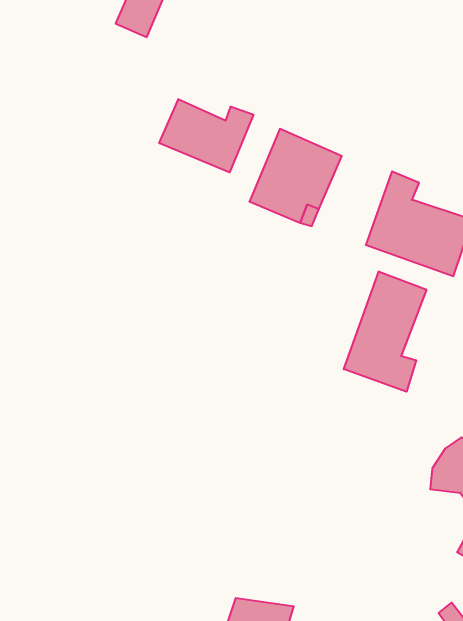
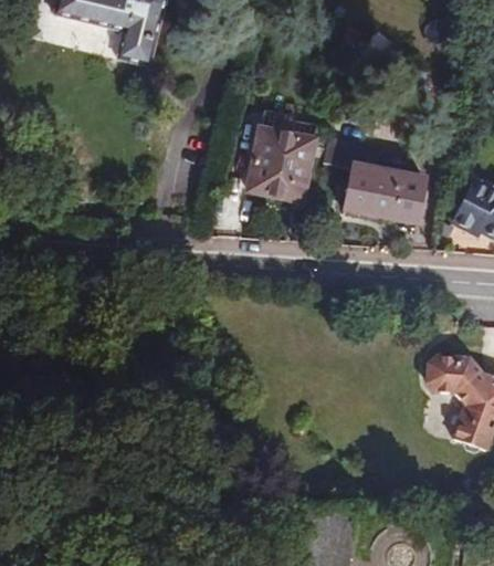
building: [159,99,254,172] -> none
building: [344,271,426,392] -> none

